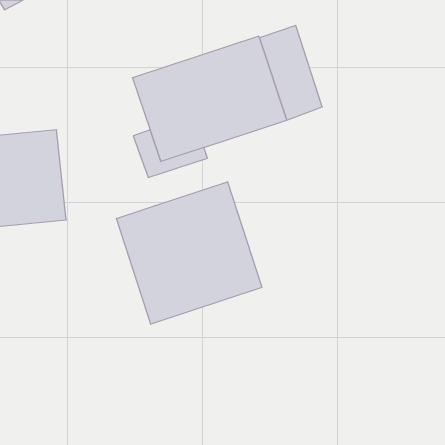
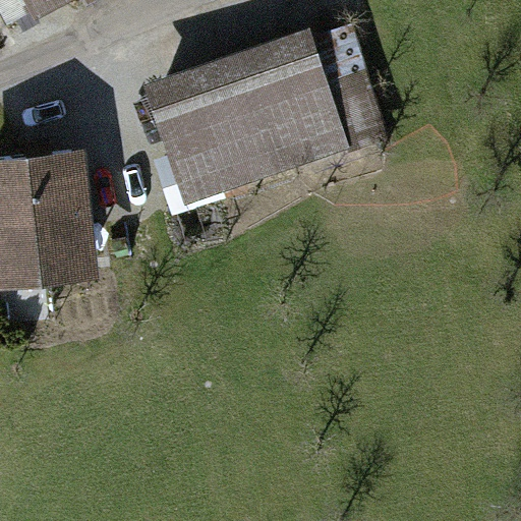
building: [116,182,262,324] -> none

